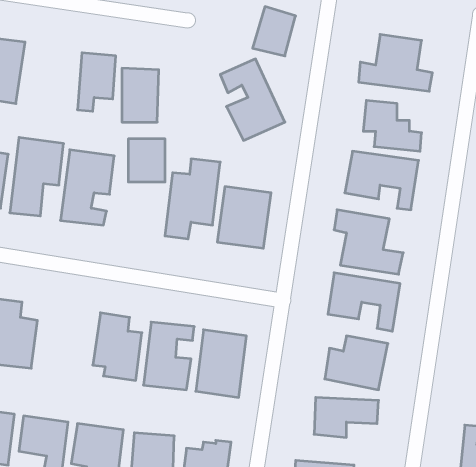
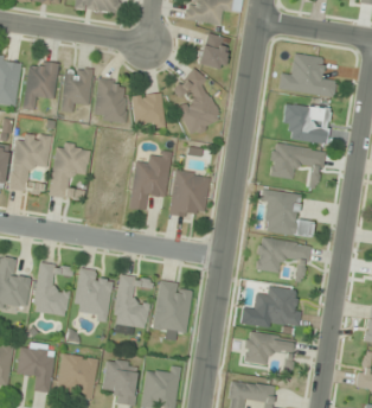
building: none -> [24,60,58,109]
building: [128,139,165,182] -> [134,95,162,128]
building: none -> [33,262,71,315]

